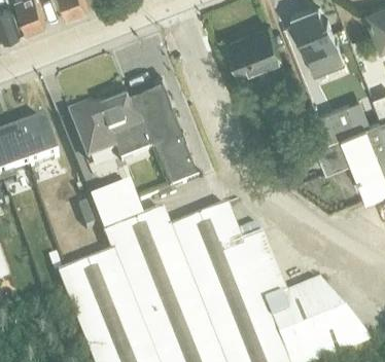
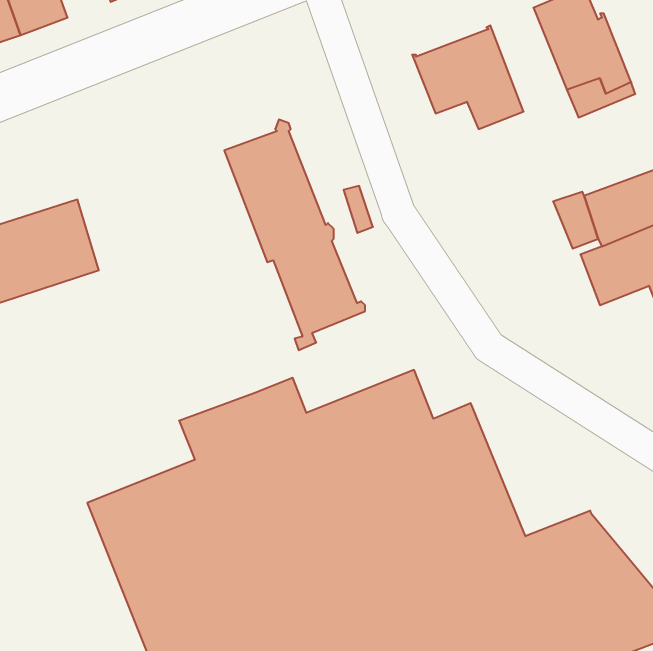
building: [70,89,150,165] -> none
building: [91,188,143,236] -> none

